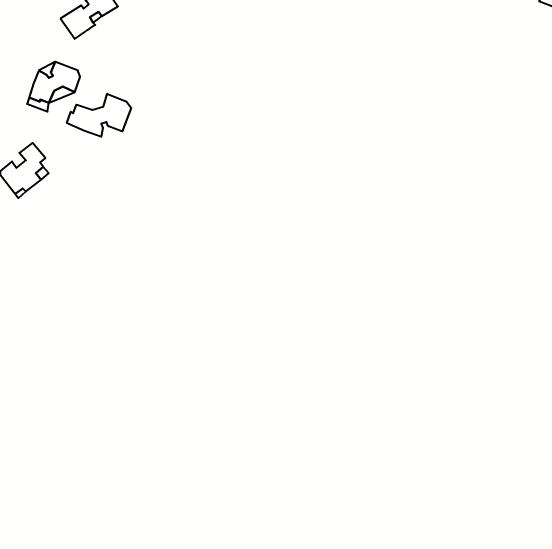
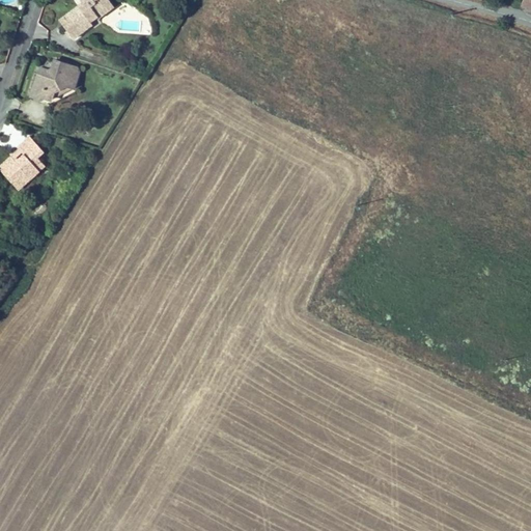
building: [67,94,131,137] -> none

